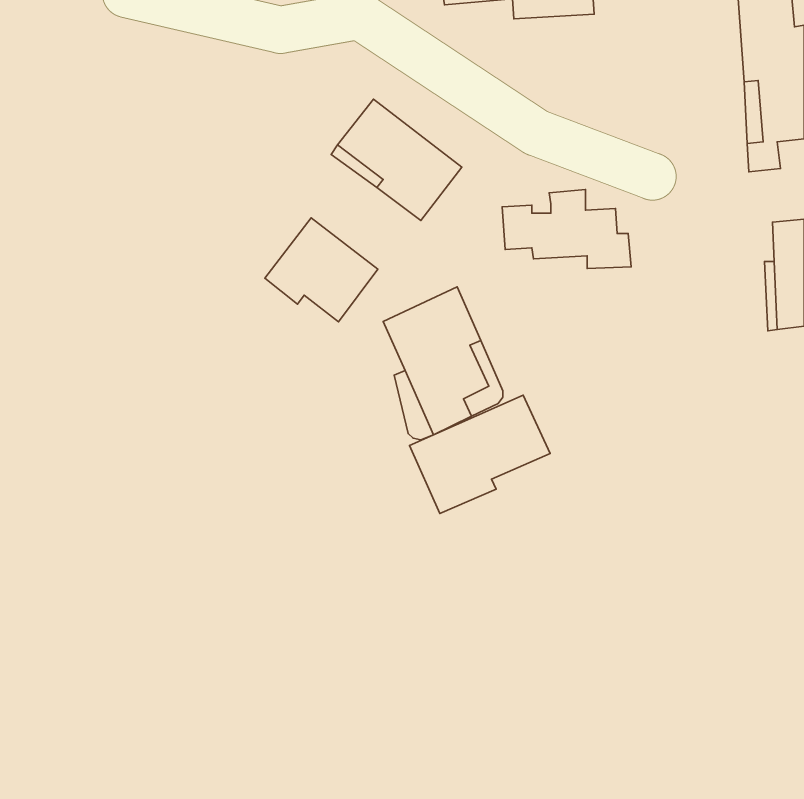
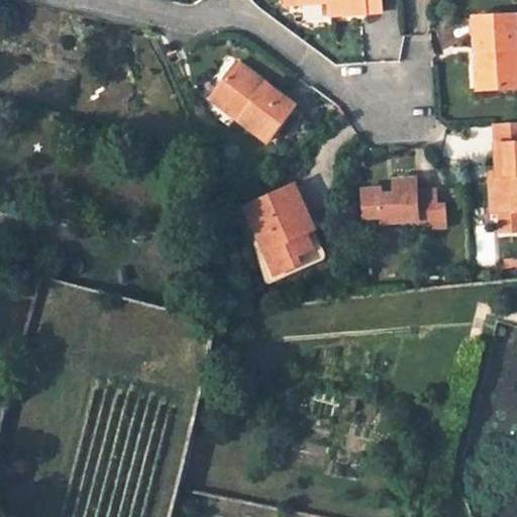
building: [502,190,631,268] -> [363,178,445,228]
building: [265,218,378,322] -> none
building: [410,395,550,514] -> none

